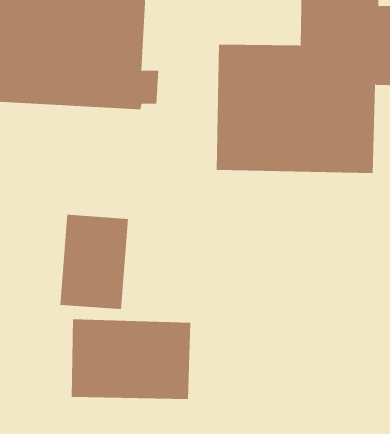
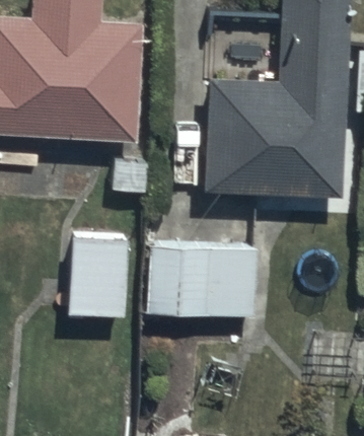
building: [71,319,191,399] -> [146,246,253,318]

